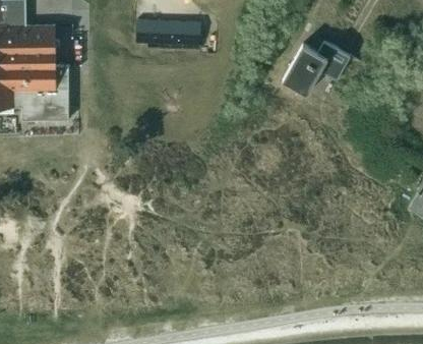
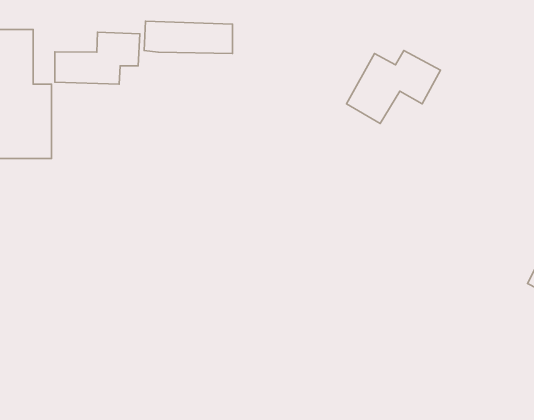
building: none -> [55,32,140,84]

